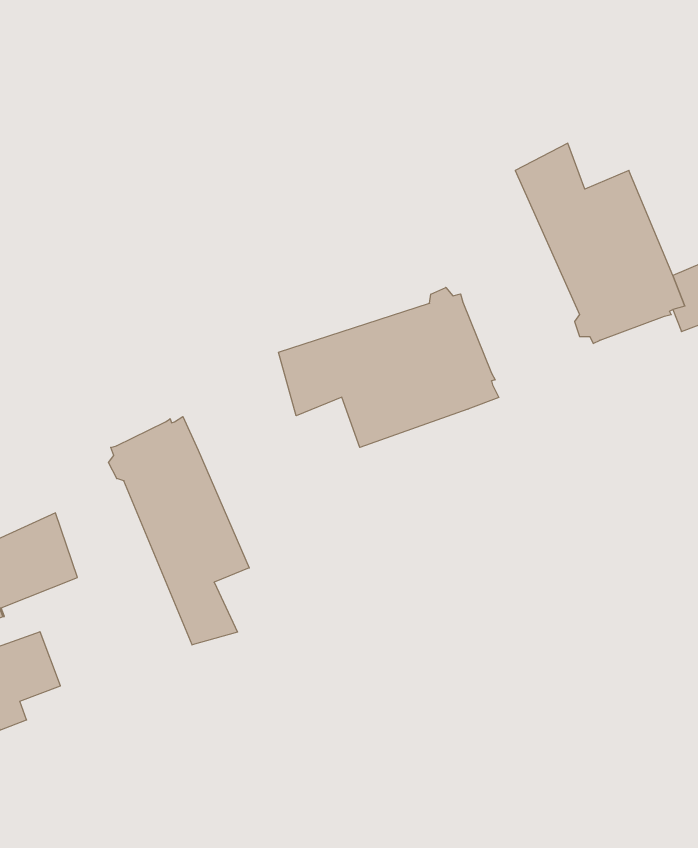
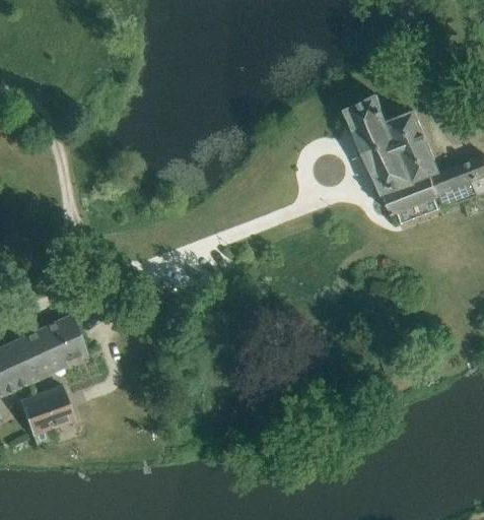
building: [278,287,499,447] -> none
building: [109,417,249,645] -> none

